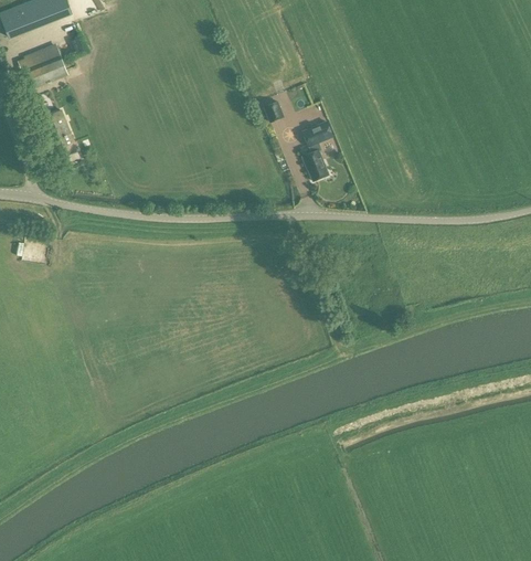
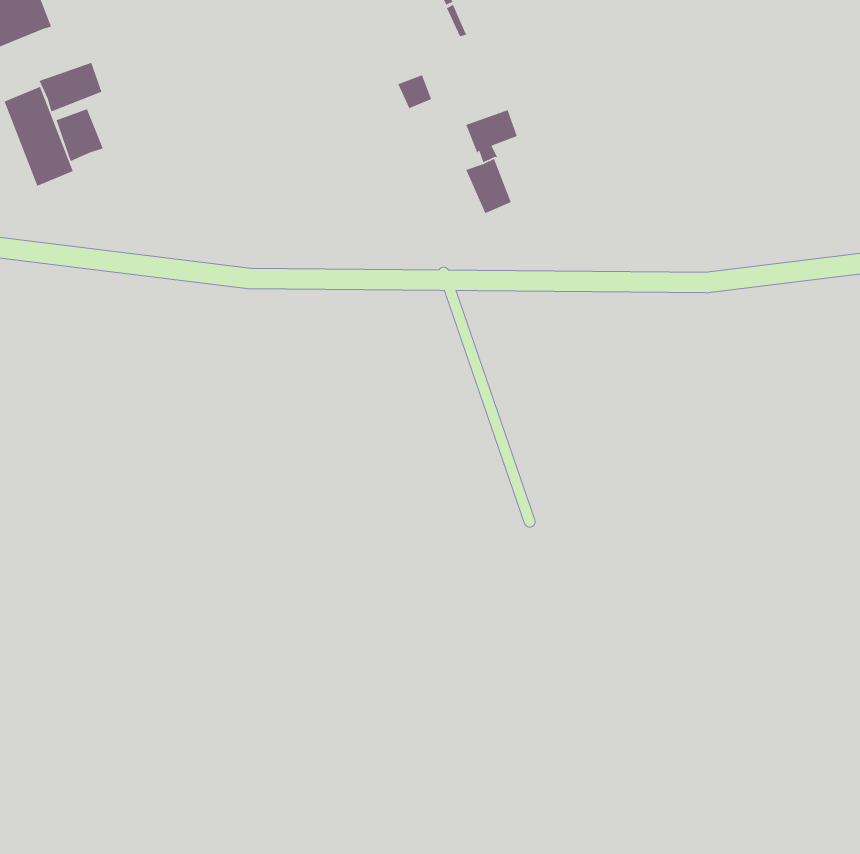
building: none -> [39,62,103,113]
building: none -> [56,108,104,162]

